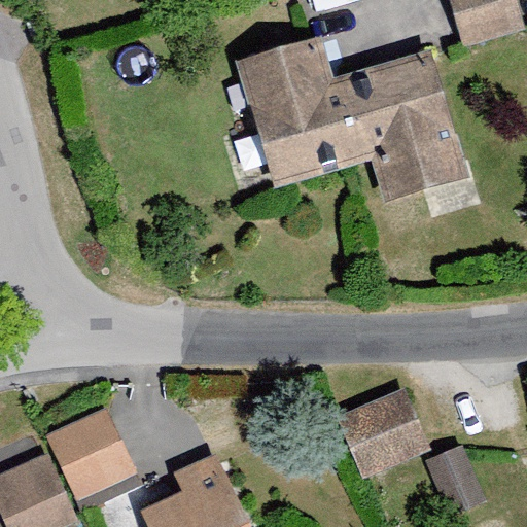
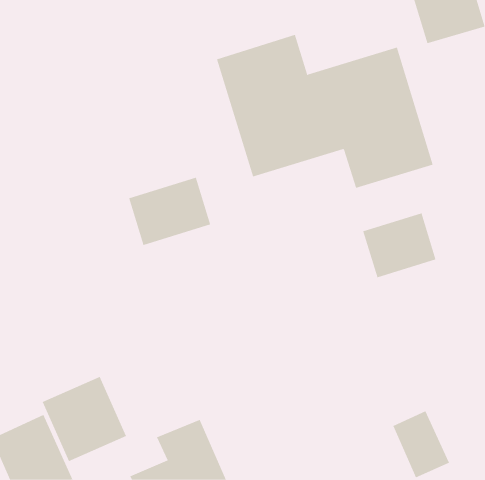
building: none -> [128,177,211,246]
building: none -> [363,213,436,278]
building: [335,387,430,478] -> none

